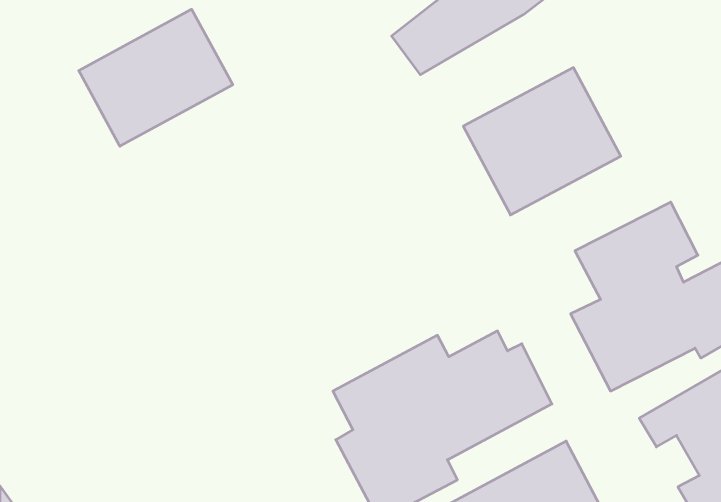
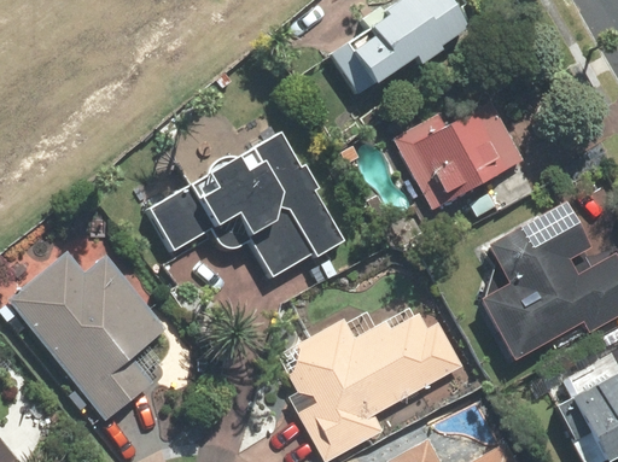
building: [79,9,233,146] -> none
building: none -> [147,134,345,283]
building: none -> [7,232,168,425]

